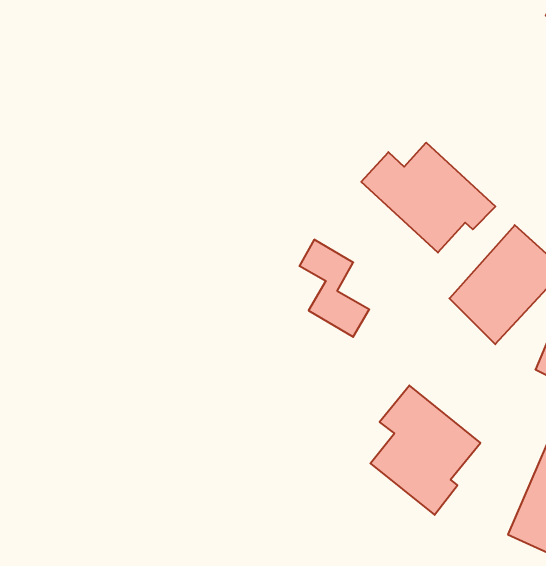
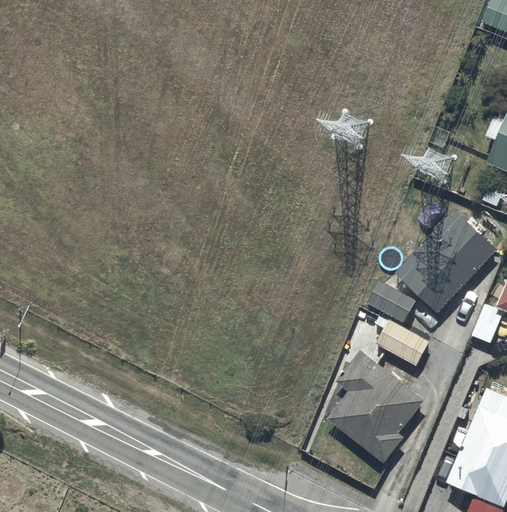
building: [361,143,495,253] -> none
building: [299,240,369,337] -> [368,282,429,367]

